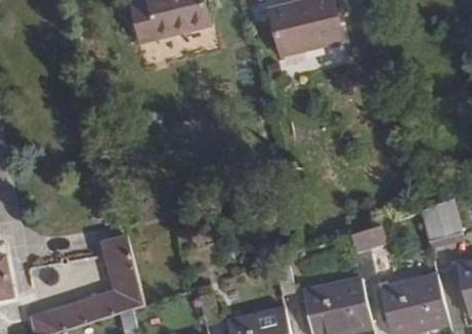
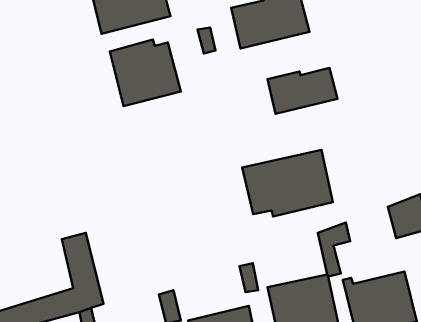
building: none -> [110,39,181,106]
building: none -> [268,68,338,114]
building: none -> [242,150,333,217]

